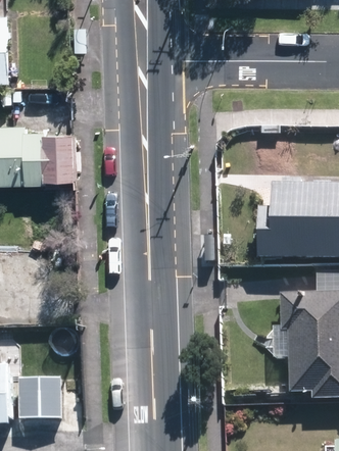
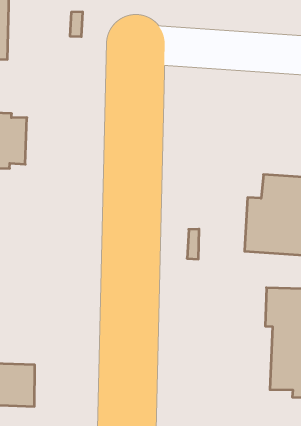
building: [35,137,67,185] -> none

